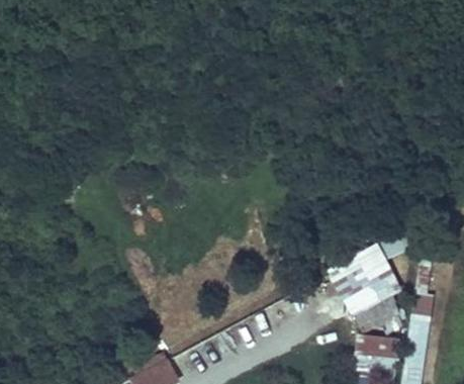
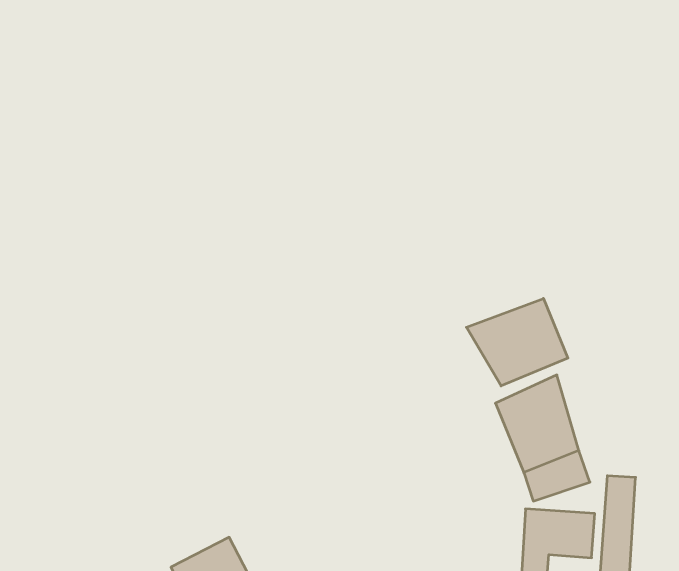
building: none -> [466,298,568,386]

